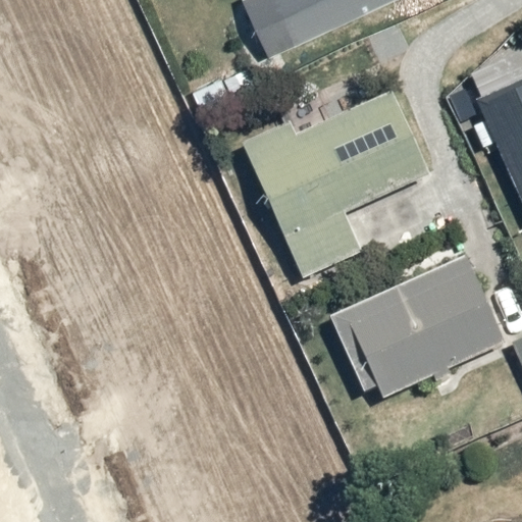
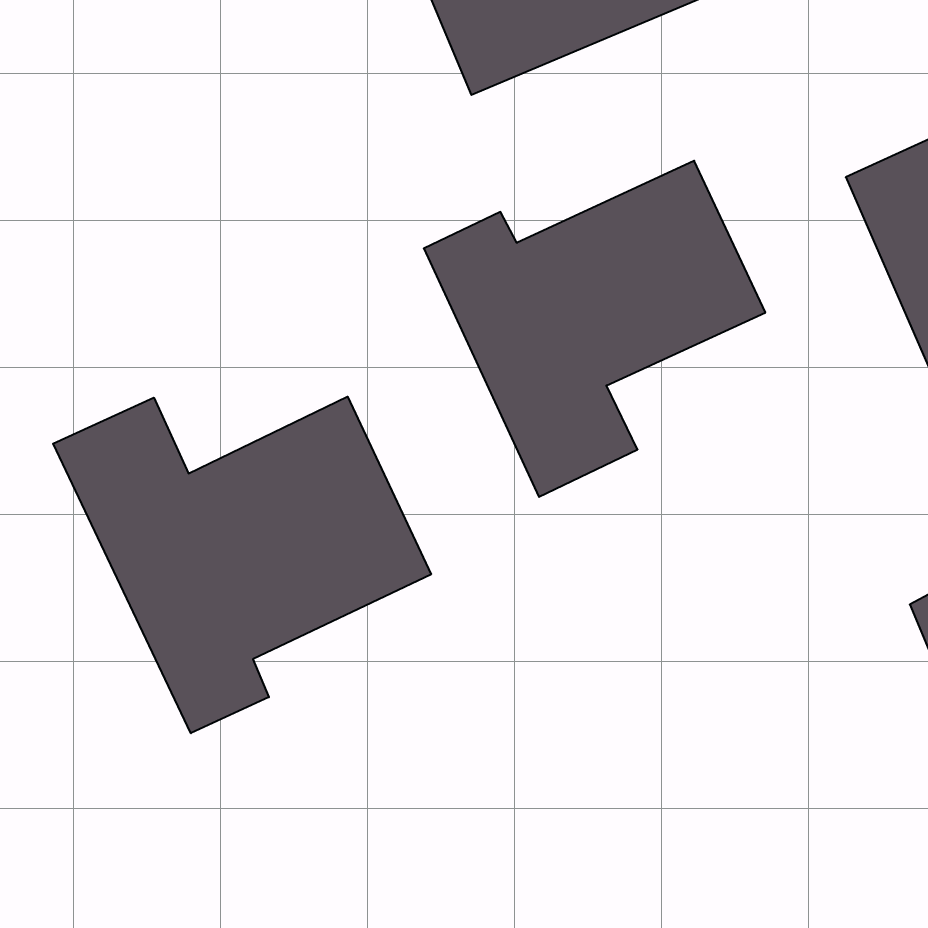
building: none -> [53,397,431,733]
building: [333,257,504,398] -> none

